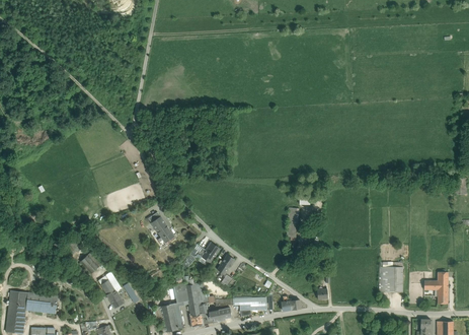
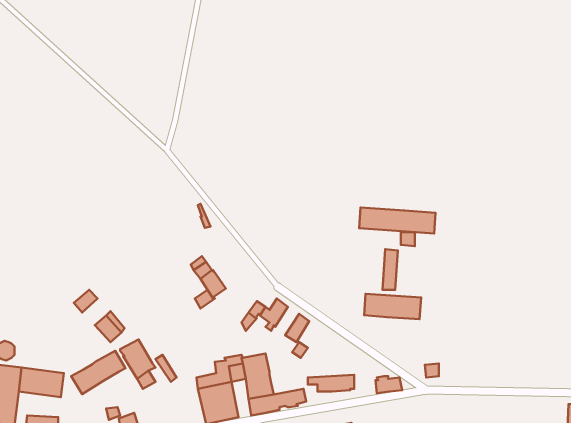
building: none -> [359,208,435,233]
building: none -> [364,294,421,319]
building: [379,266,402,292] -> none
building: none -> [71,351,126,394]

